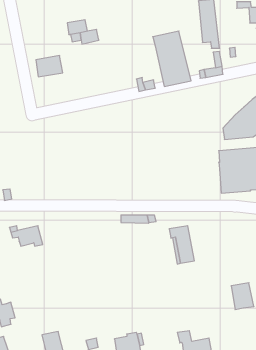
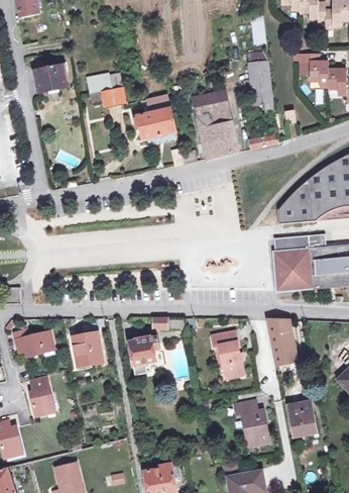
building: none -> [129,94,174,138]
building: [36,56,63,77] -> [34,65,68,91]
building: none -> [267,318,297,364]
building: none -> [72,331,102,369]
building: none -> [129,335,158,373]
building: none -> [30,377,52,414]
building: none -> [235,399,269,445]

